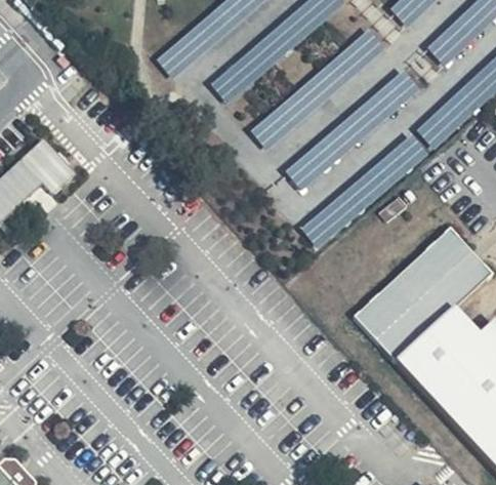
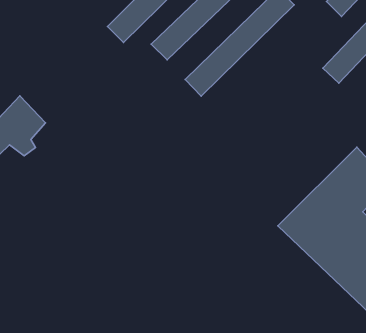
building: [286,66,422,191] -> none
building: [301,132,430,250] -> none

